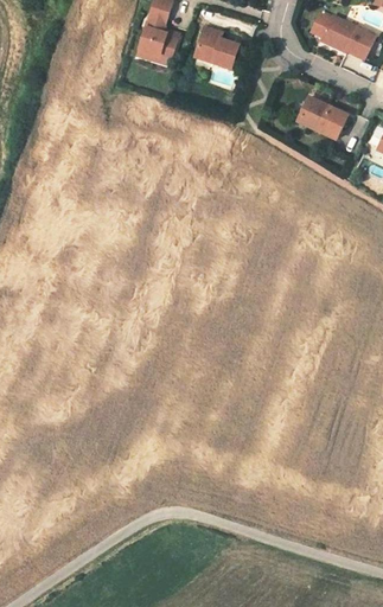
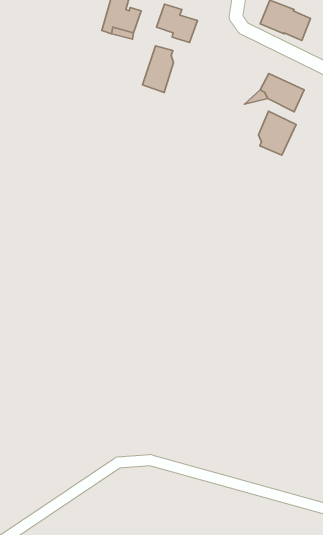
building: none -> [143,46,174,93]
building: none -> [258,111,296,155]

